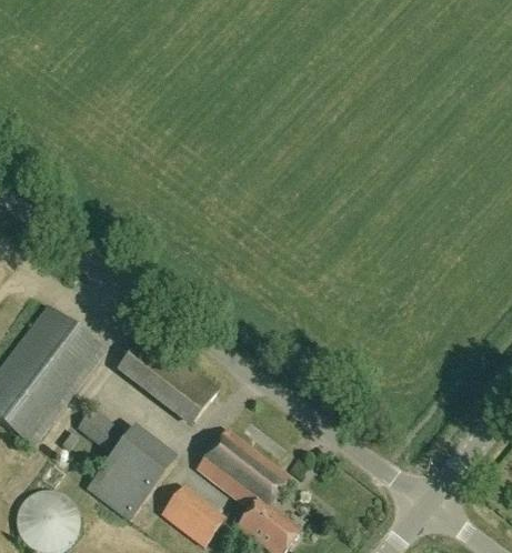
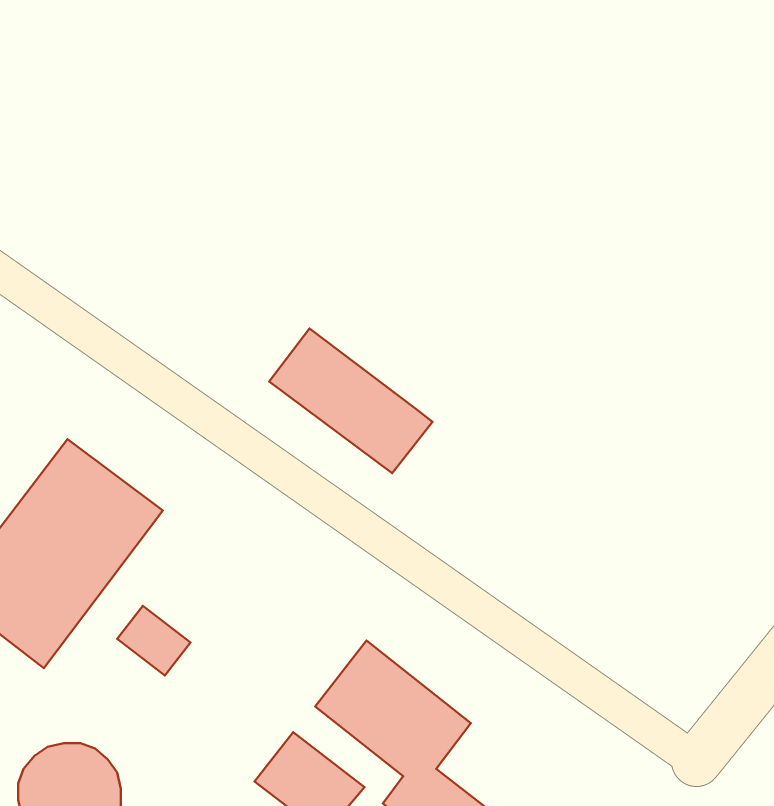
building: [119,334,218,422] -> [269,328,432,473]
building: [90,418,183,517] -> none

